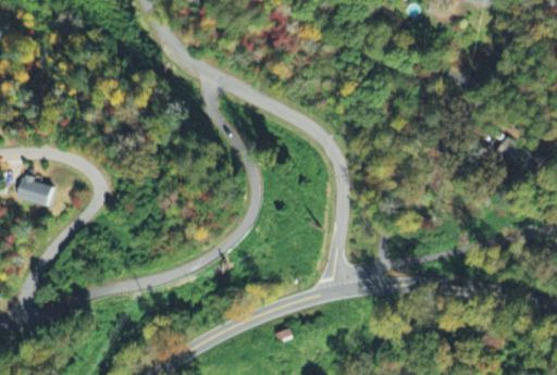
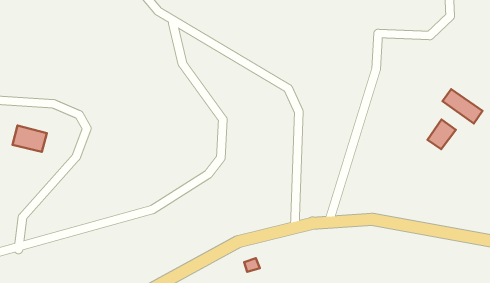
building: none -> [428,120,456,149]

